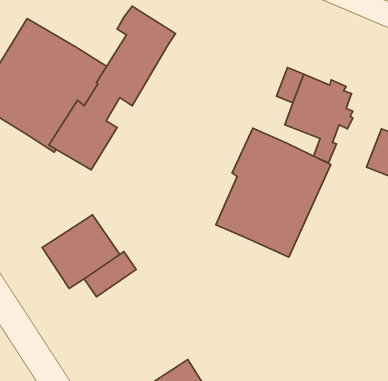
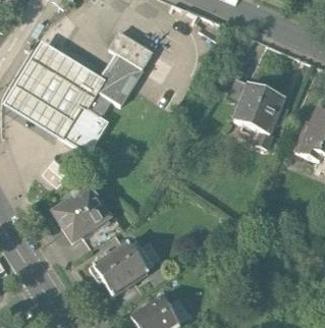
building: [216,128,331,257] -> none
building: none -> [92,240,150,296]

